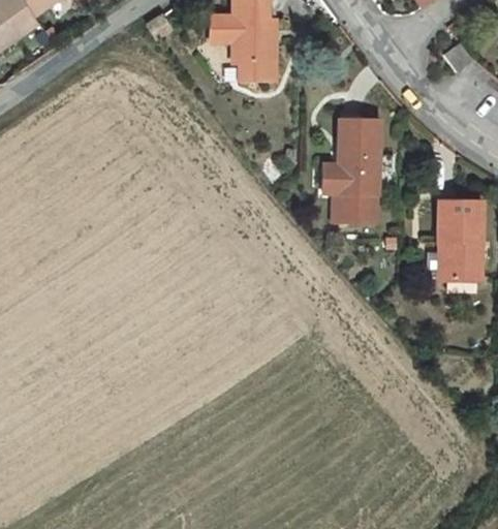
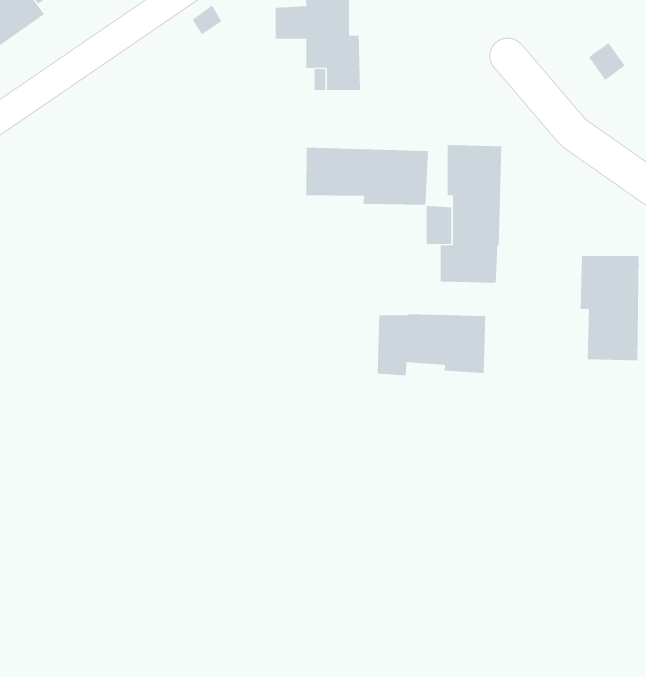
building: none -> [306,147,428,206]
building: none -> [377,313,486,376]

